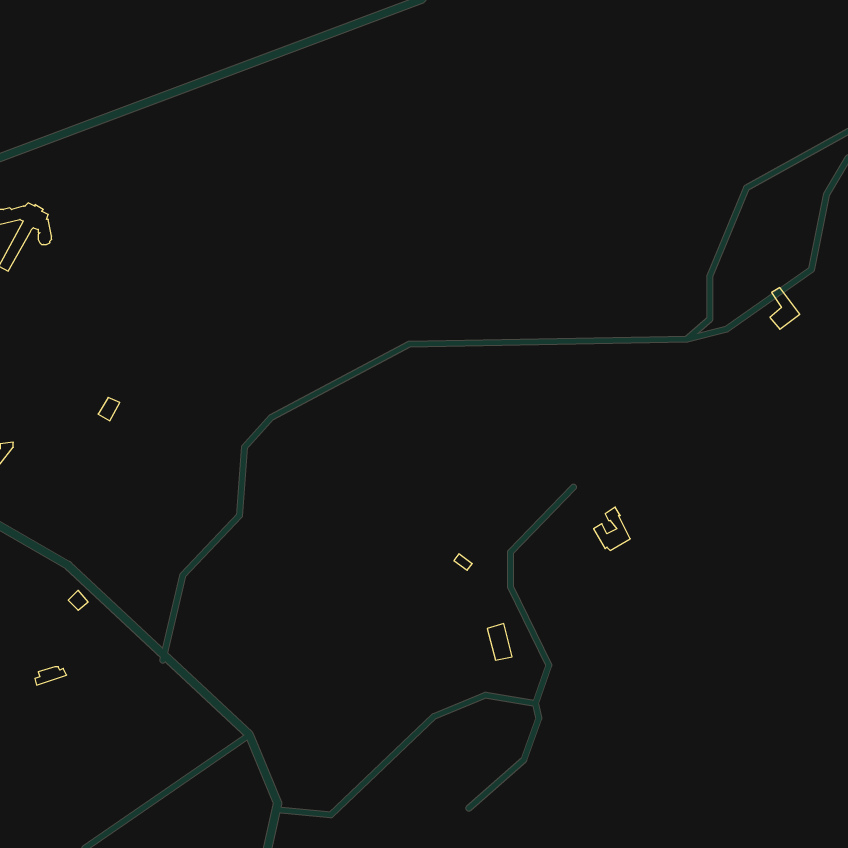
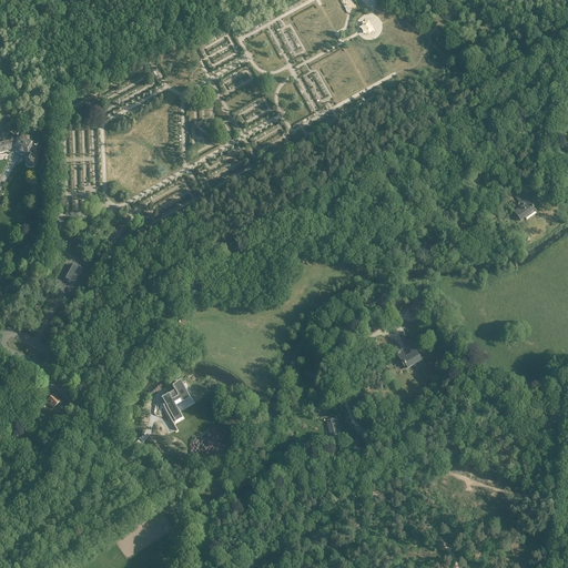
building: none -> [162,381,185,423]

